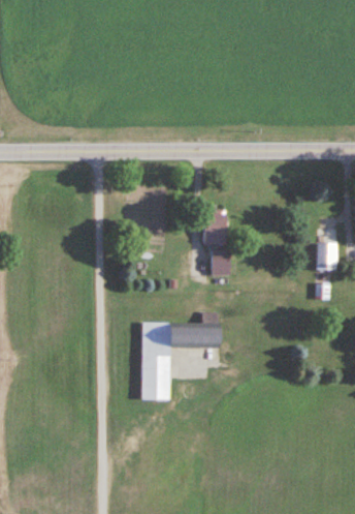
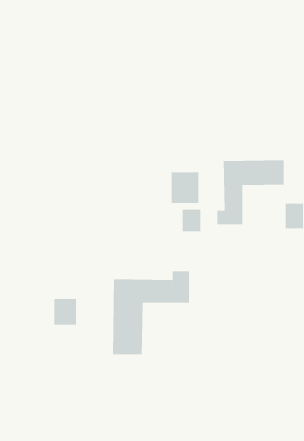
building: none -> [216,160,284,225]
building: none -> [54,298,77,325]

